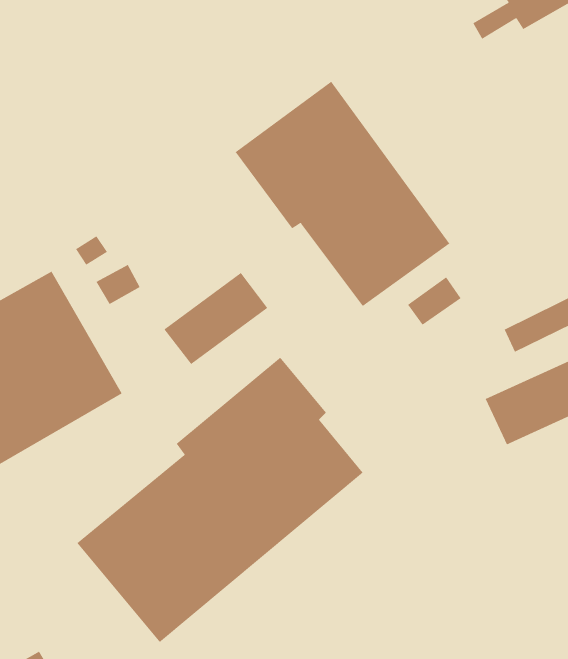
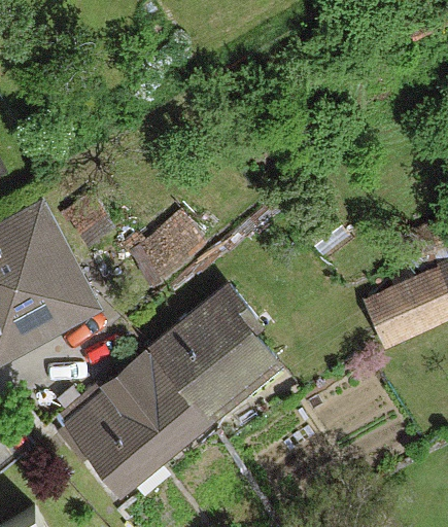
building: [235,81,450,307] -> none

